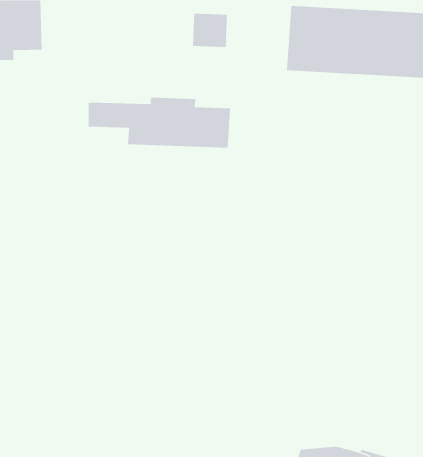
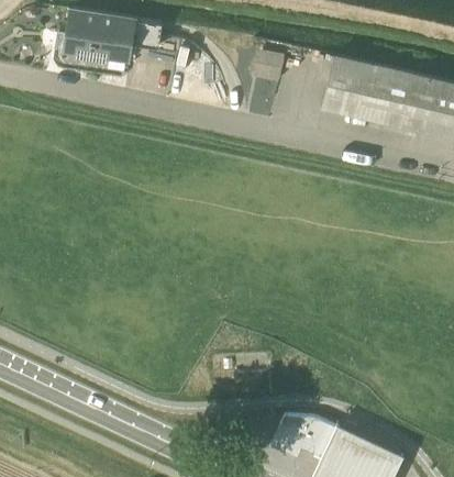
building: [88,97,231,148] -> none

